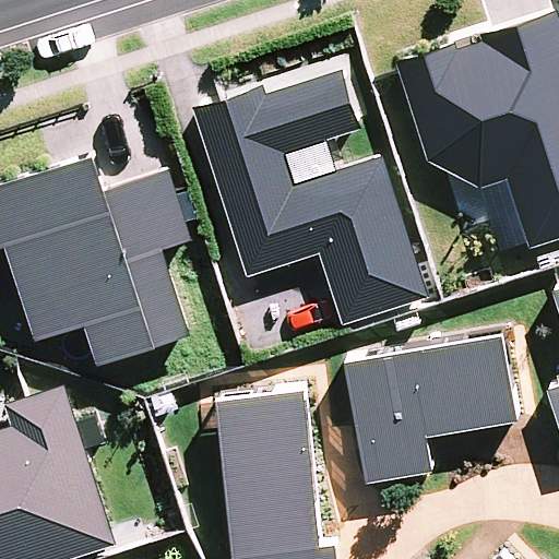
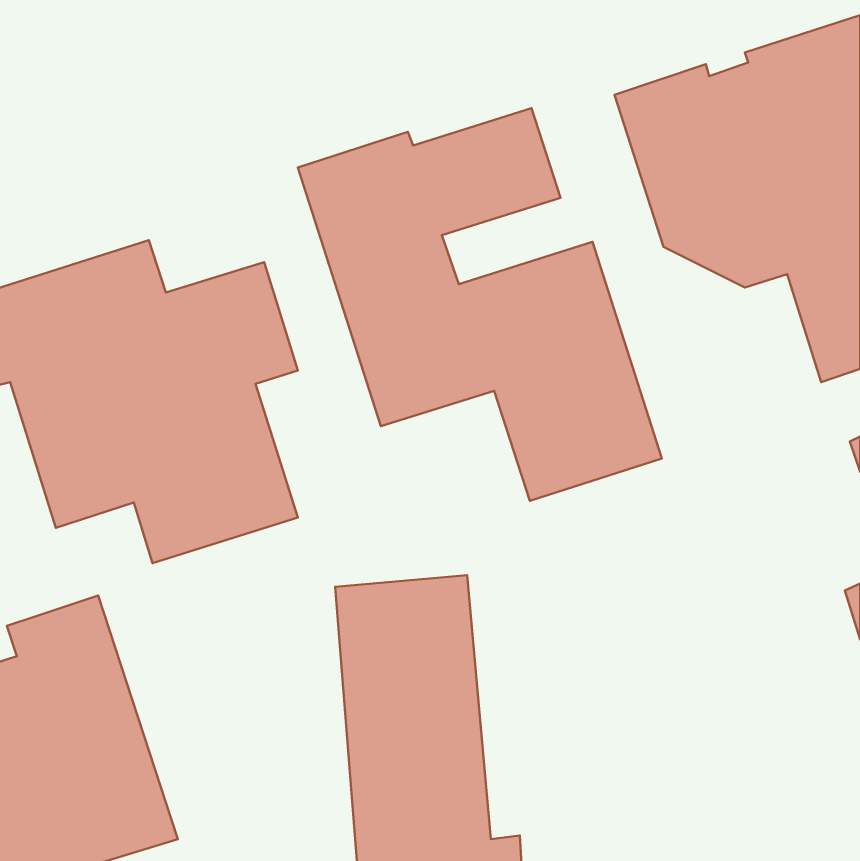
building: [342,331,521,477] -> none

